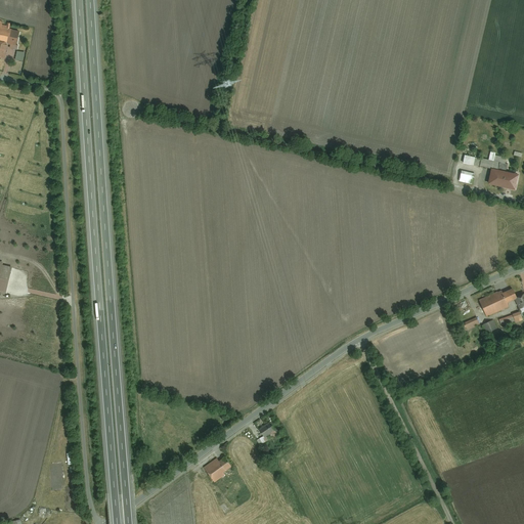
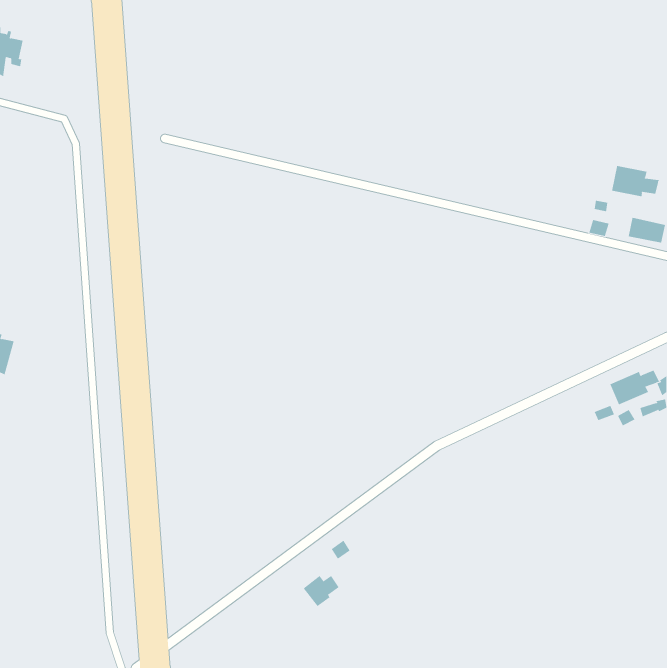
building: none -> [611,165,660,197]
building: [203,457,231,482] -> [303,575,339,607]

